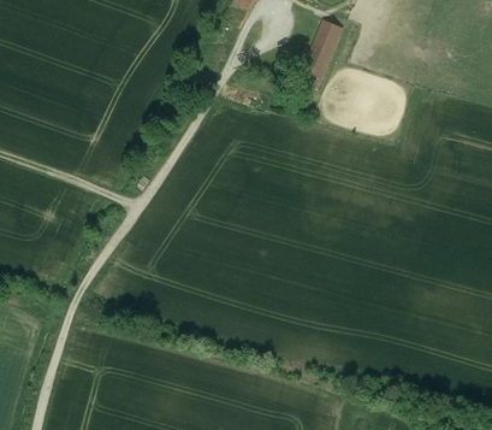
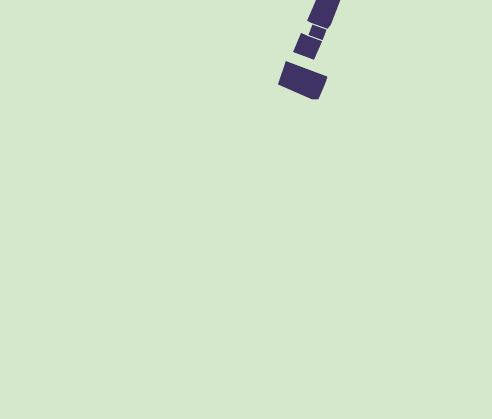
building: none -> [277,60,328,100]

